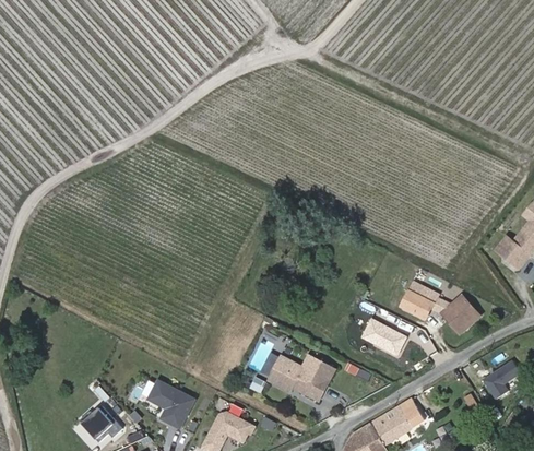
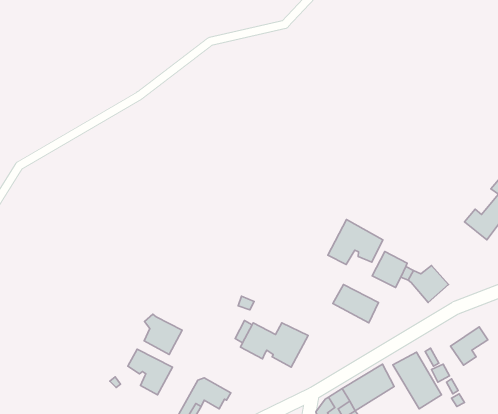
building: none -> [328,220,383,264]
building: none -> [144,314,182,354]
building: none -> [393,352,442,409]
building: [80,404,123,441] -> none

